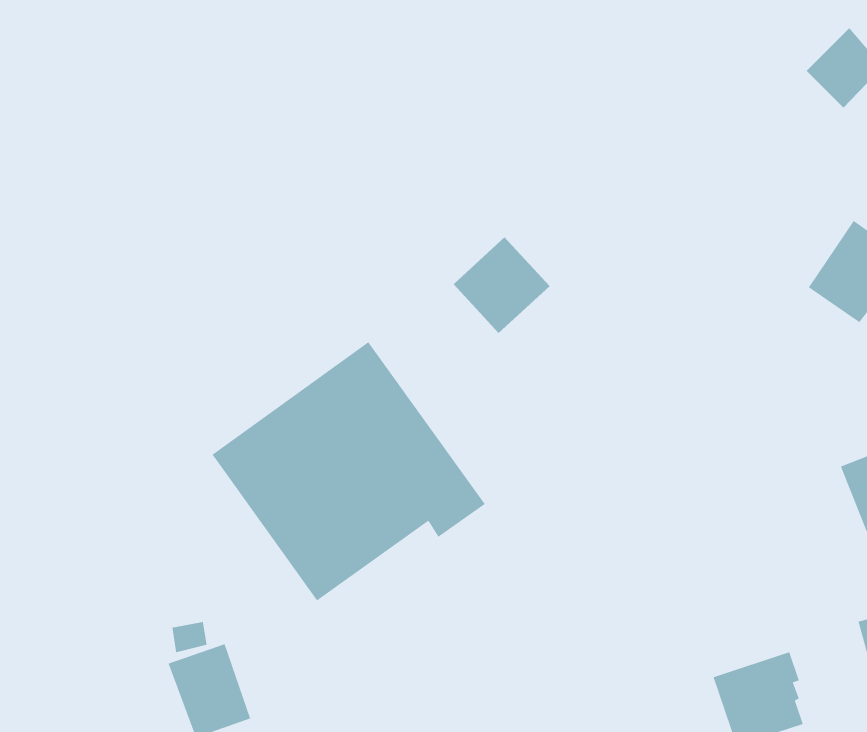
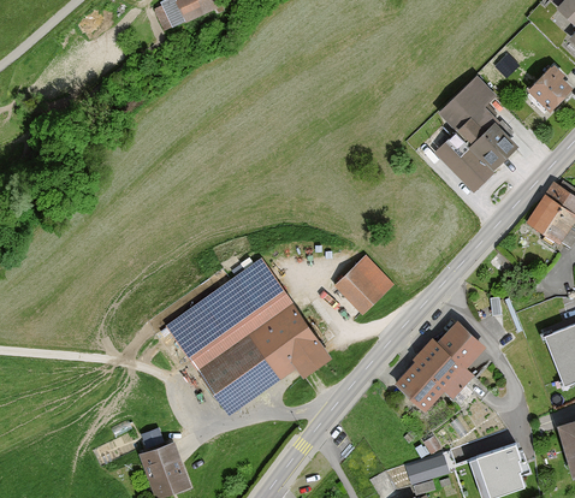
building: none -> [422,77,517,196]
building: [453,236,550,334] -> [334,254,393,313]
building: none -> [391,321,485,415]
building: none -> [405,451,450,482]

